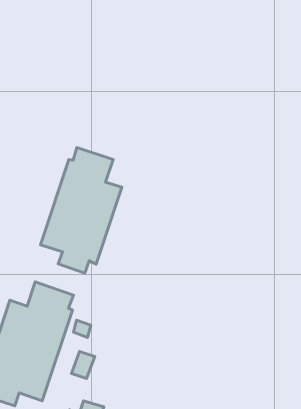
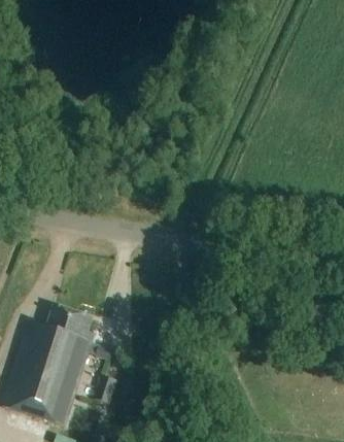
building: [40,148,122,273] -> none

